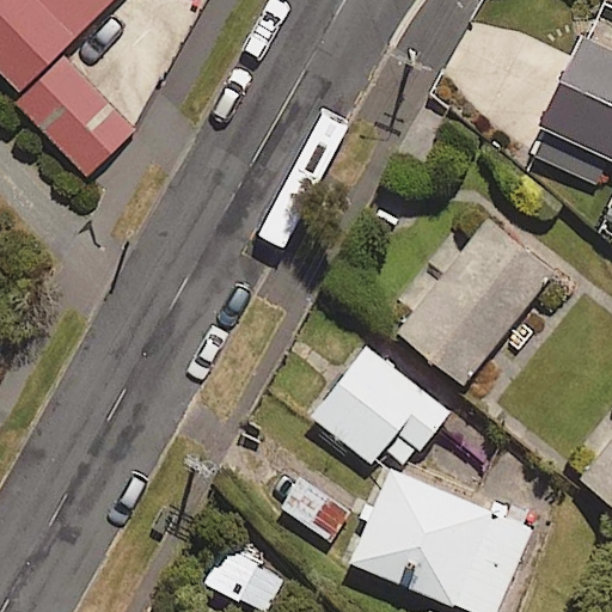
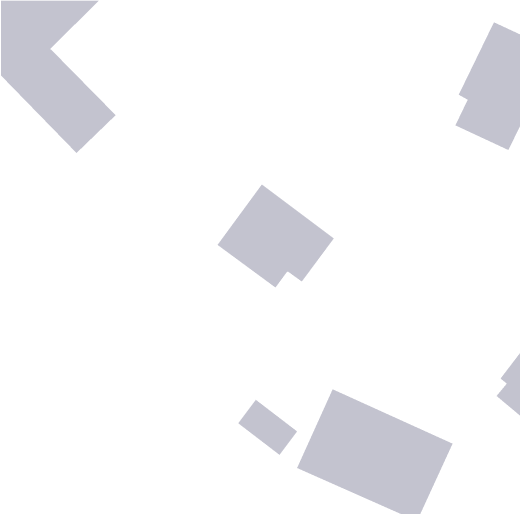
building: [398,216,556,380] -> none
building: [311,345,449,469] -> [216,184,335,289]

